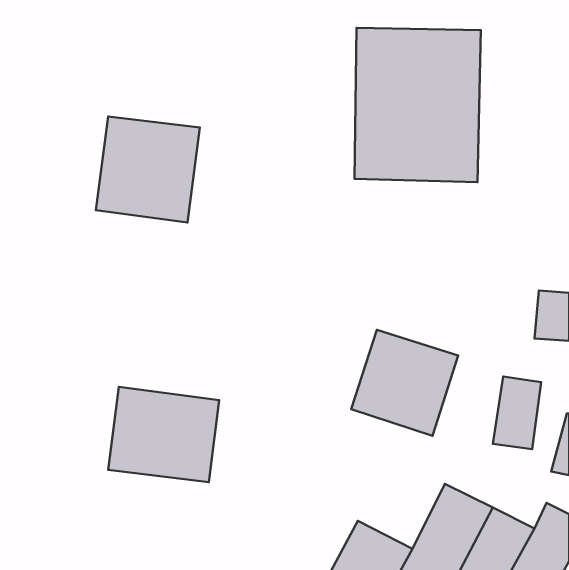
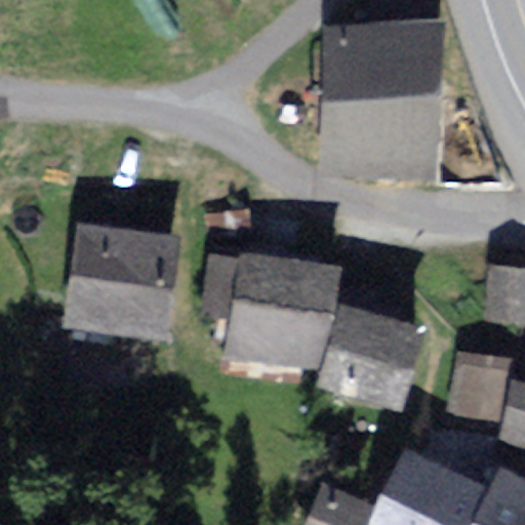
building: [96,116,200,223] -> [74,230,169,327]
building: none -> [206,253,331,361]
building: [108,387,219,482] -> none

